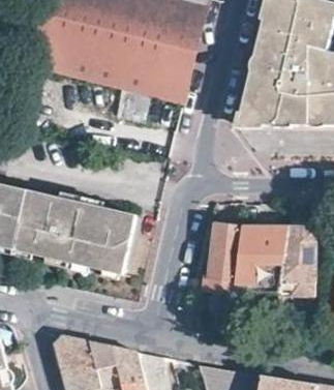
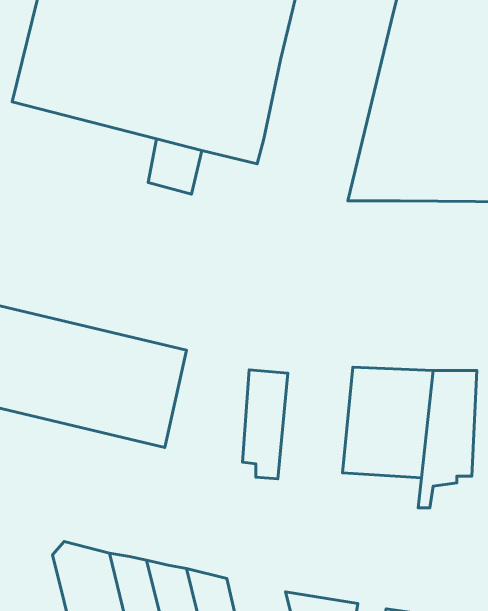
building: [213,224,241,292] -> [242,370,288,479]

